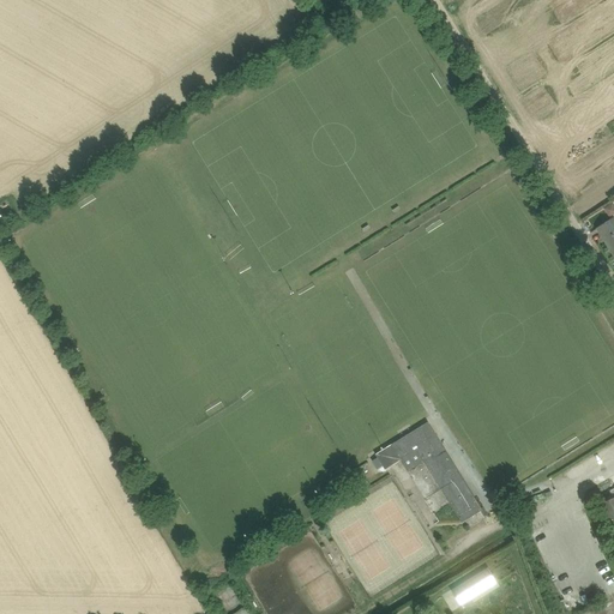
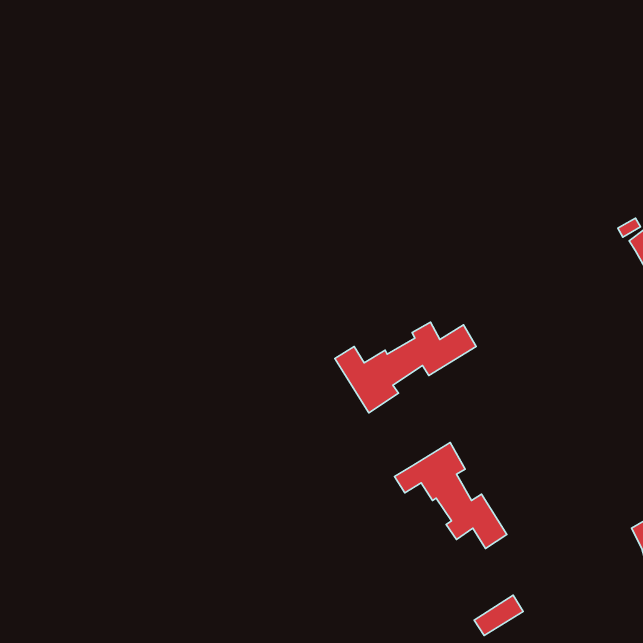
building: none -> [335,322,476,413]

